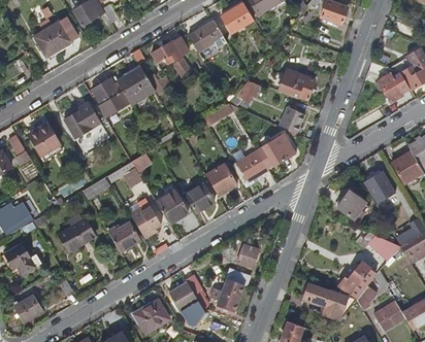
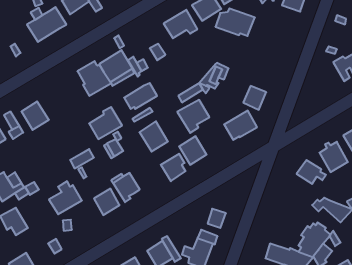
building: [151,37,188,66] -> [124,83,157,109]
building: [270,68,315,99] -> [215,8,255,36]
building: [63,102,100,138] -> [89,107,122,139]
building: [231,149,267,186] -> [177,100,209,133]
building: [156,190,188,224] -> [139,121,168,152]

